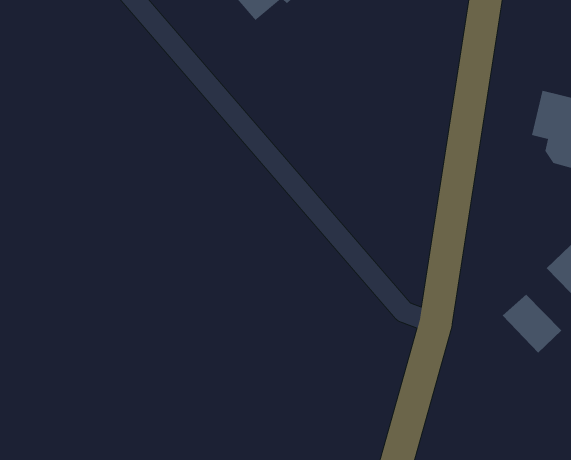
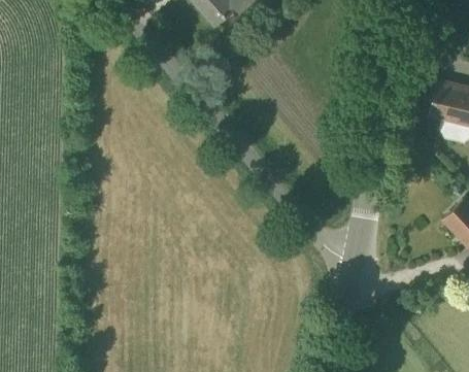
building: [502,294,562,354] -> none

